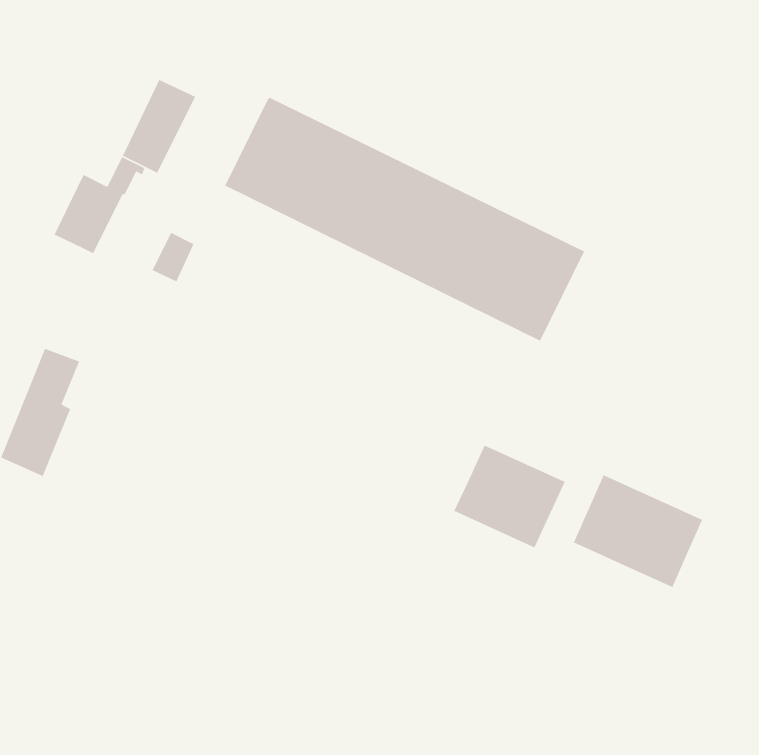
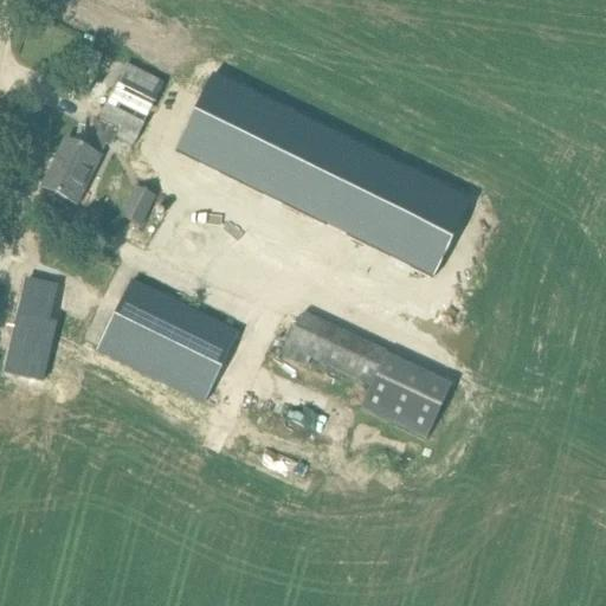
building: none -> [97,279,239,402]
building: none -> [286,315,386,385]
building: [573,474,703,588] -> none

